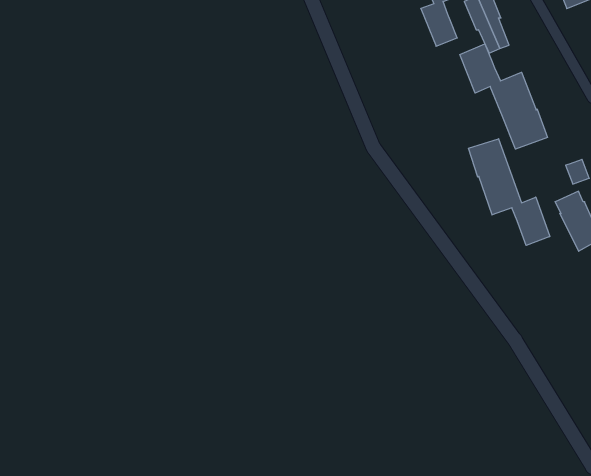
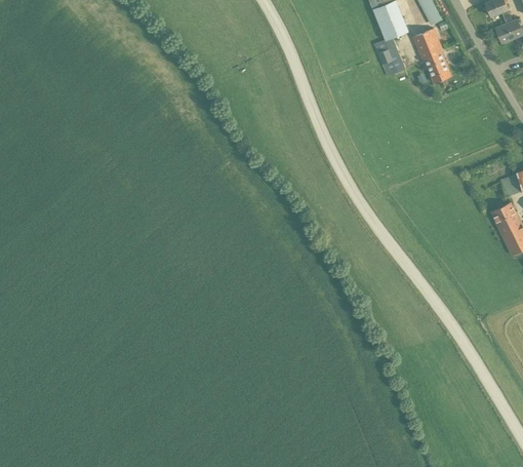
building: [460,44,547,149] -> none
building: [469,139,550,245] -> none

